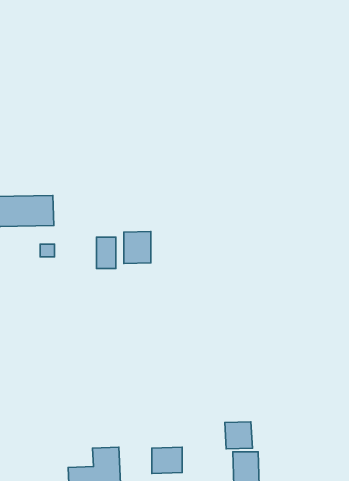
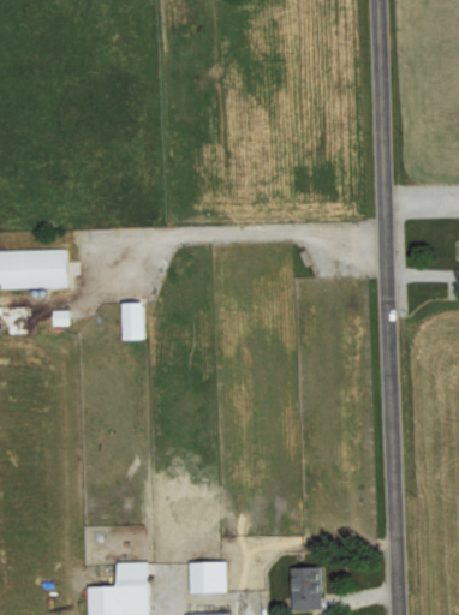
building: [124,231,151,263] -> none
building: [225,422,252,449] -> none

